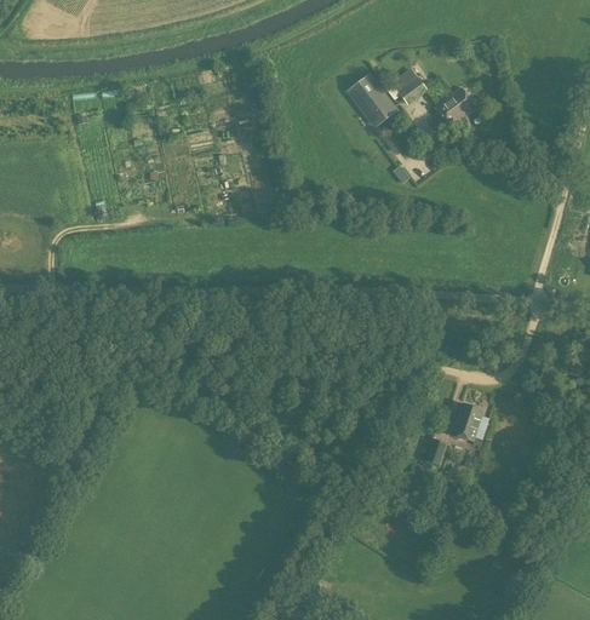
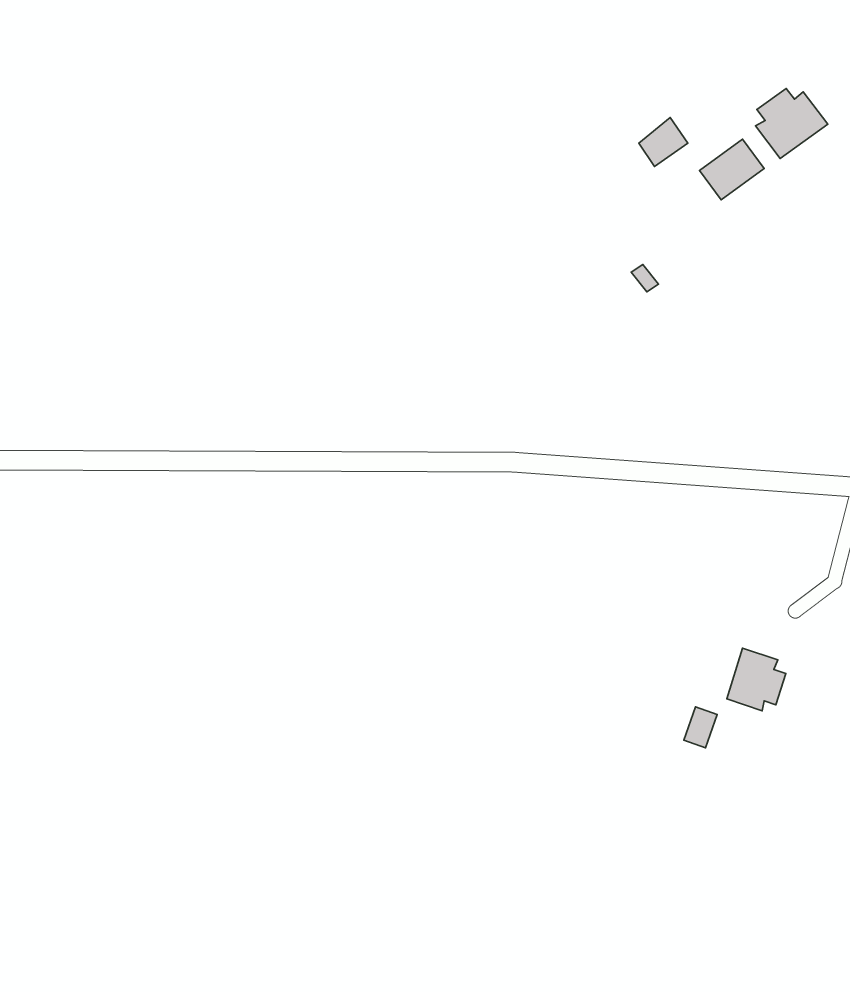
building: none -> [756,88,828,159]
building: [354,78,393,121] -> none

